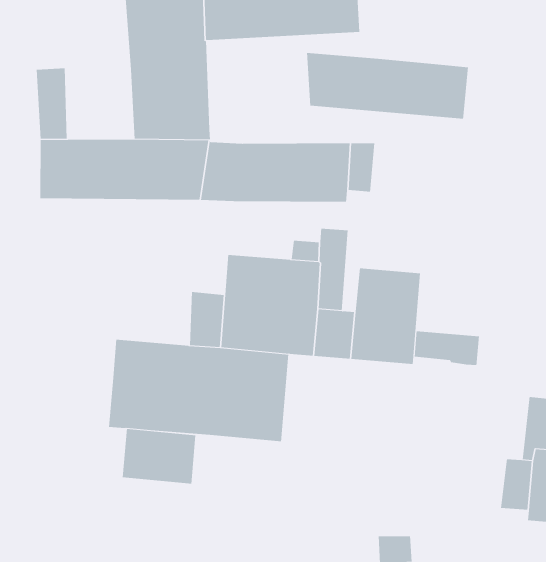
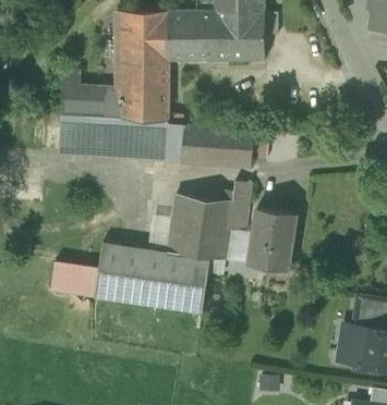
building: [306,52,468,120] -> none
building: none -> [78,73,120,120]
building: [414,331,479,366] -> none
building: [122,428,196,484] -> [50,261,98,298]

